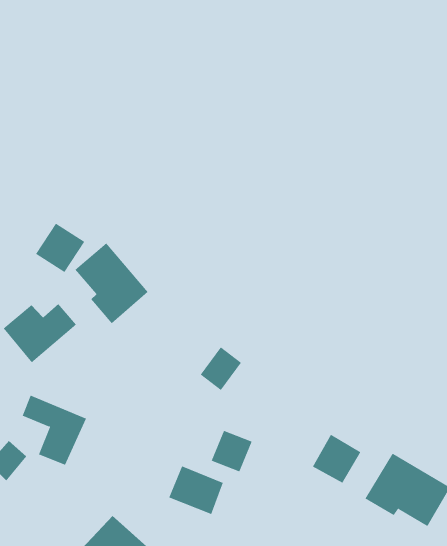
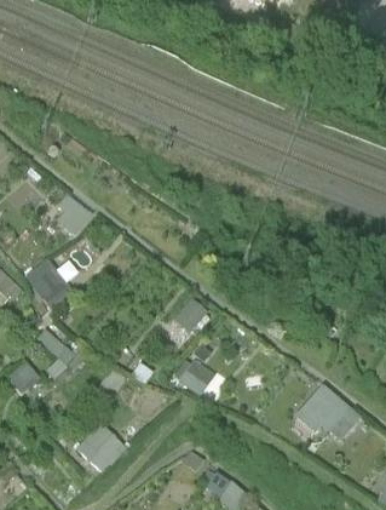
building: [75,243,149,324] -> none
building: [312,434,361,484] -> none
building: [169,465,224,515] -> none

